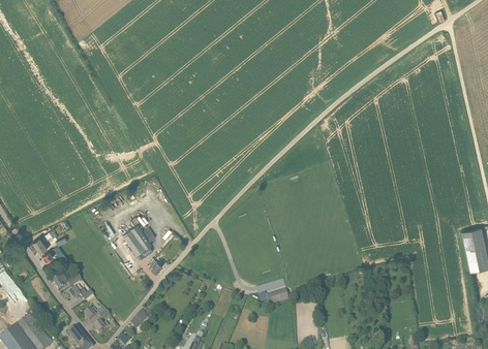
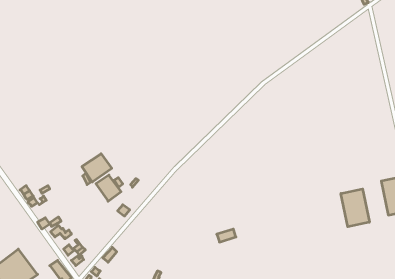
building: none -> [82,154,112,182]
building: none -> [341,189,369,227]

